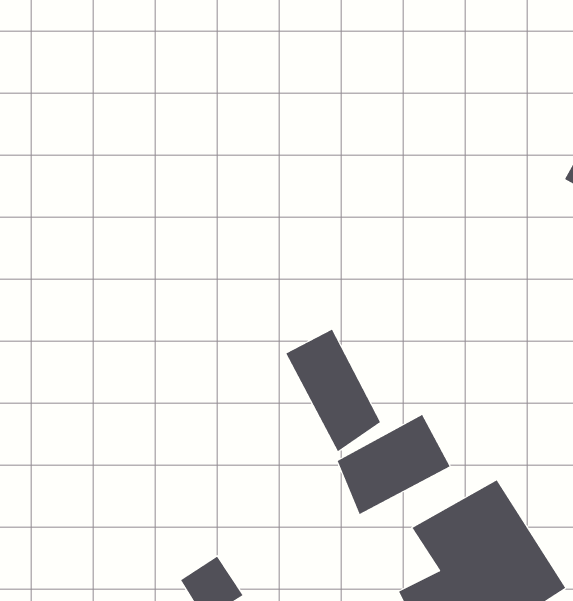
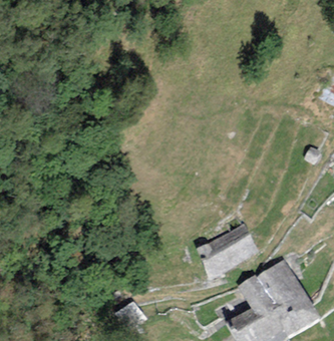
building: [285,329,381,452] -> none

